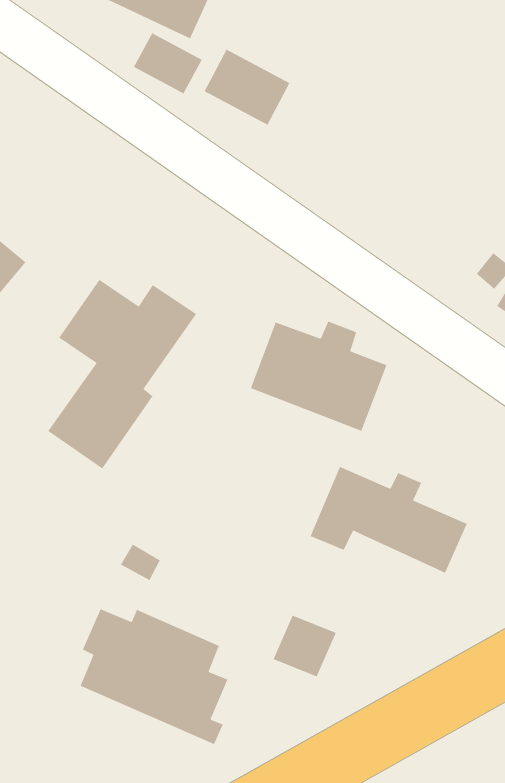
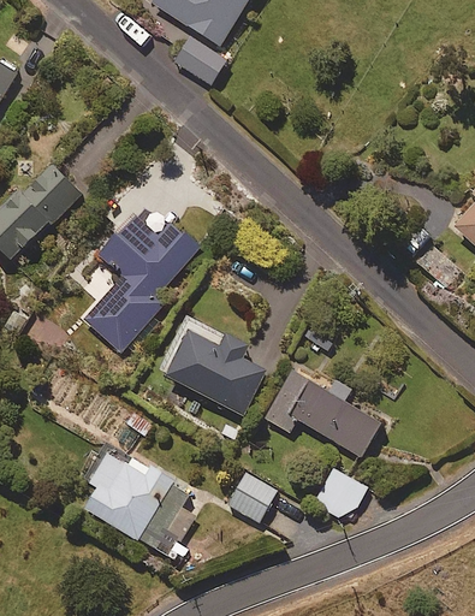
building: [204,48,290,126] -> none
building: [250,320,387,432] -> [166,328,268,416]
building: none -> [314,468,368,516]

